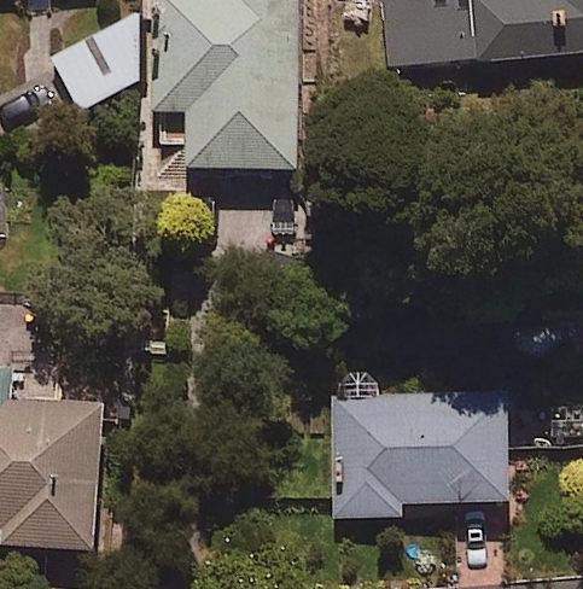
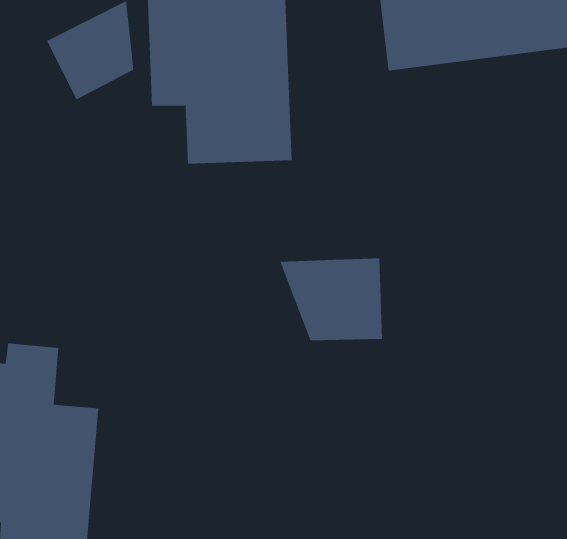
building: none -> [280,258,383,341]
building: [332,392,509,518] -> none

